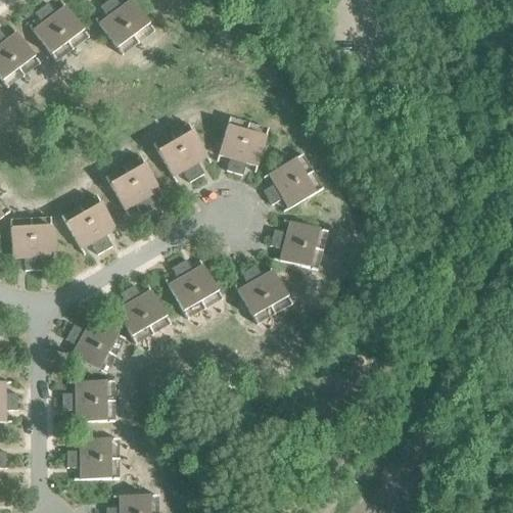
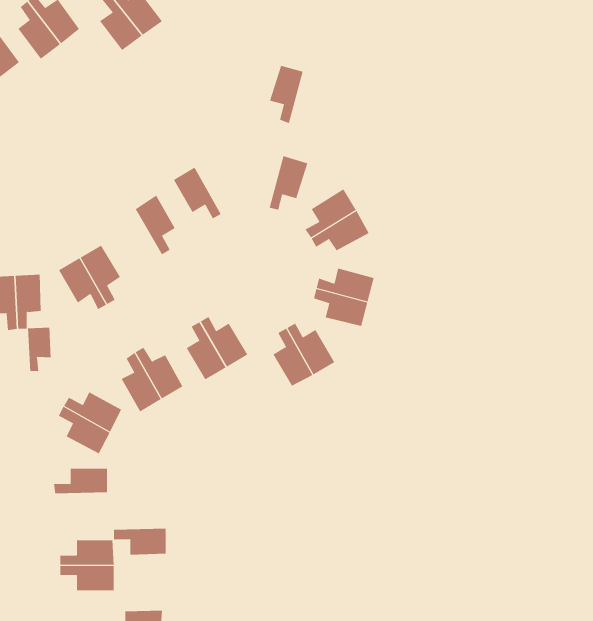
building: [219,125,246,172] -> [269,65,303,124]
building: [176,129,208,177] -> none
building: [110,173,149,214] -> none
building: none -> [28,327,51,372]
building: [63,400,106,421] -> [113,528,167,555]

